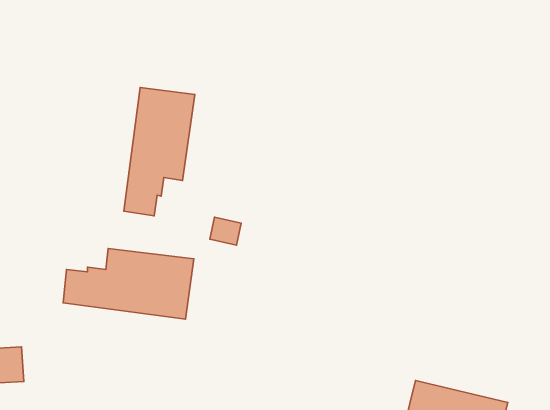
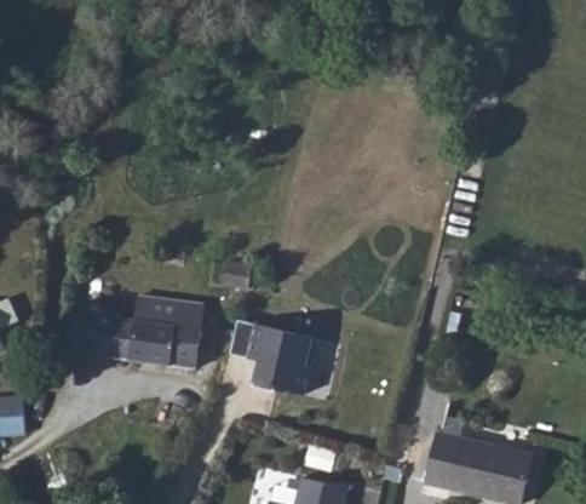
building: [124,87,195,216] -> none
building: none -> [230,320,311,395]

